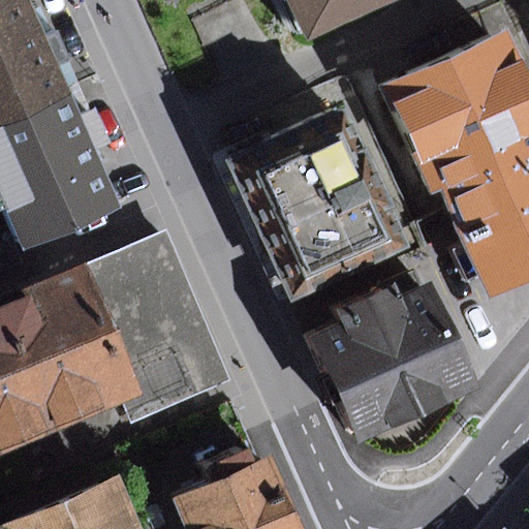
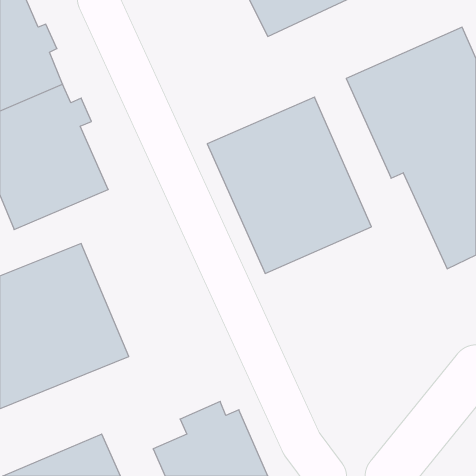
building: [90,236,231,414] -> none
building: [305,278,483,446] -> none

